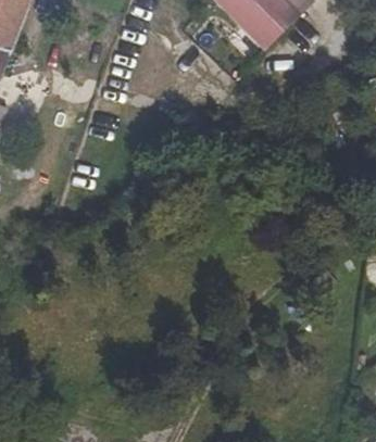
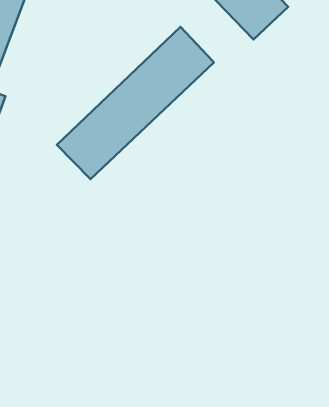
building: none -> [57,27,214,179]

